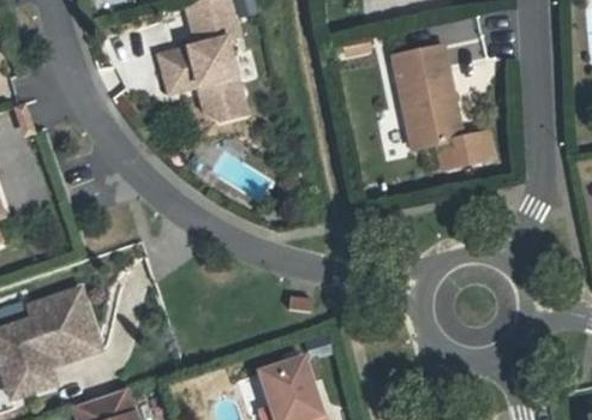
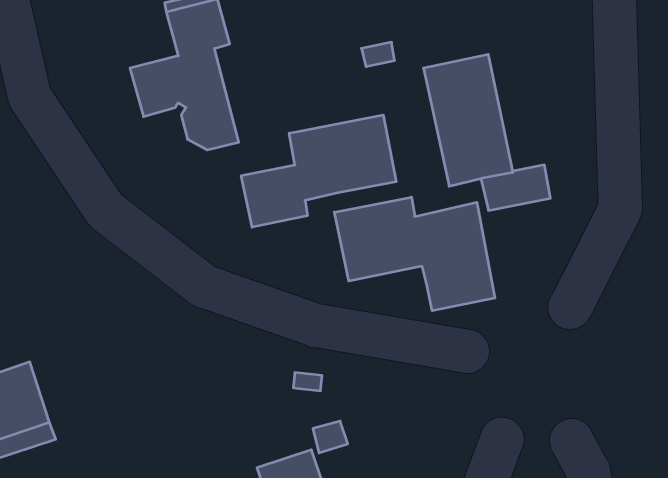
building: none -> [241,115,396,227]
building: none -> [334,197,495,311]

